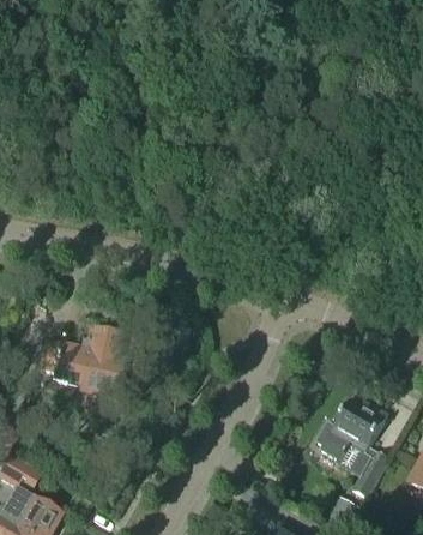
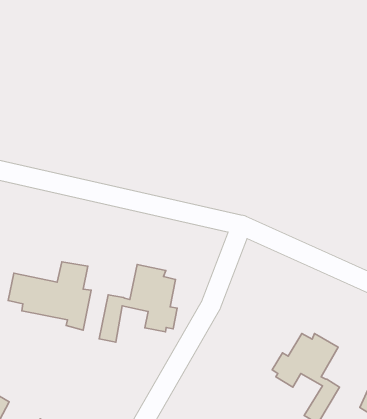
building: none -> [99,264,177,342]

